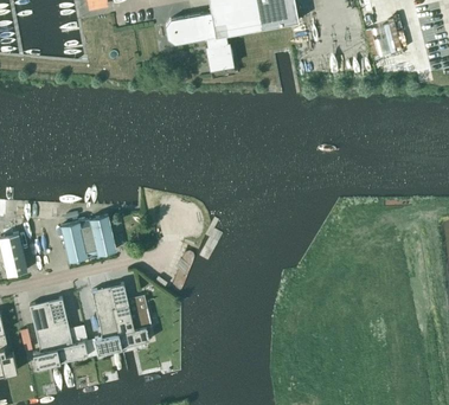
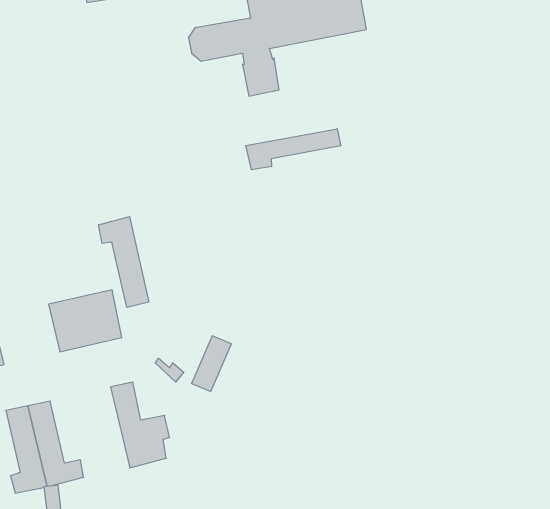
building: none -> [246,129,341,170]
building: none -> [99,217,149,307]
building: [91,289,121,354] -> none

